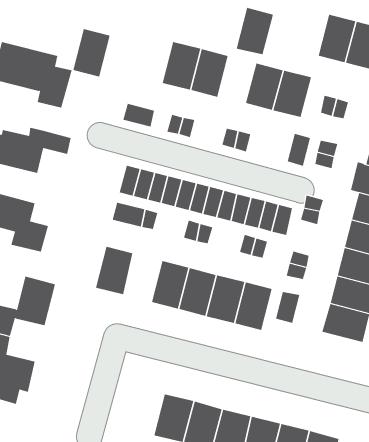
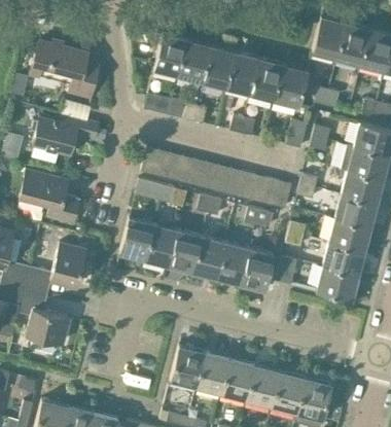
building: [236,7,274,55] -> [226,54,259,95]
building: [73,28,111,77] -> [154,35,187,77]
building: none -> [145,224,178,266]

